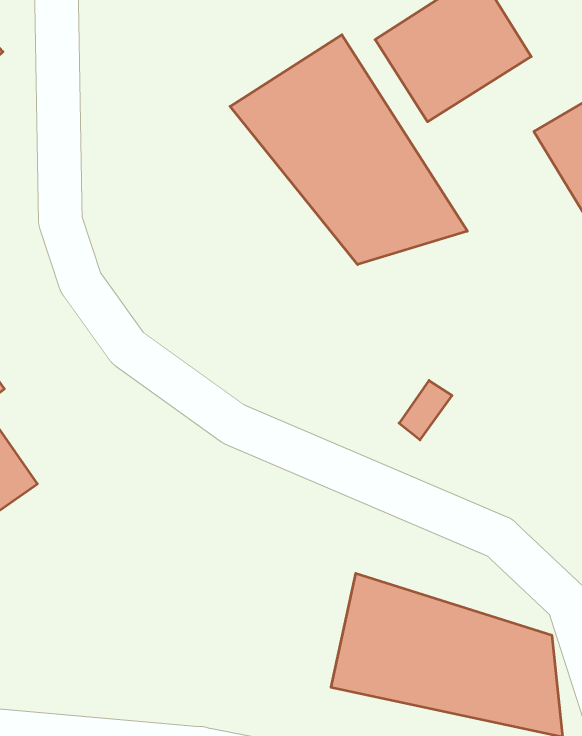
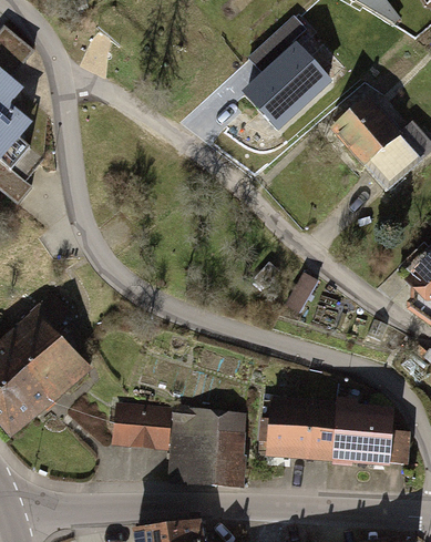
building: [230,35,467,265] -> none
building: none -> [113,403,243,481]

